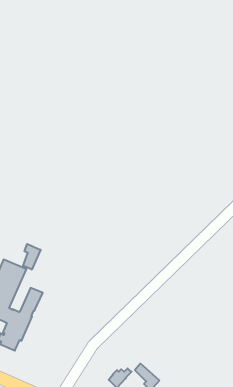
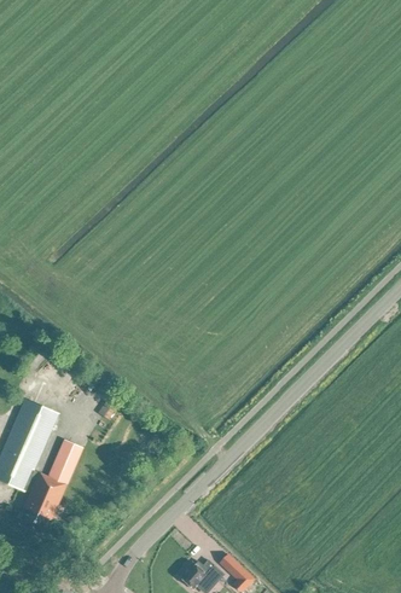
building: [23,244,41,270] -> none

